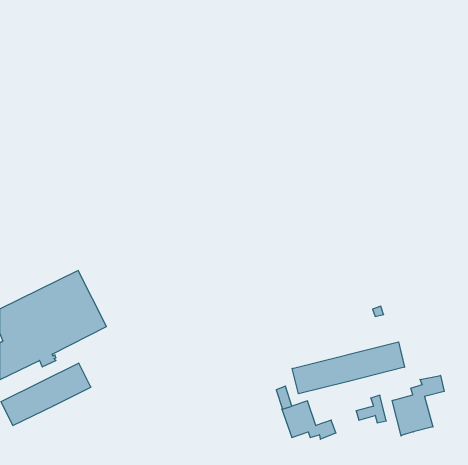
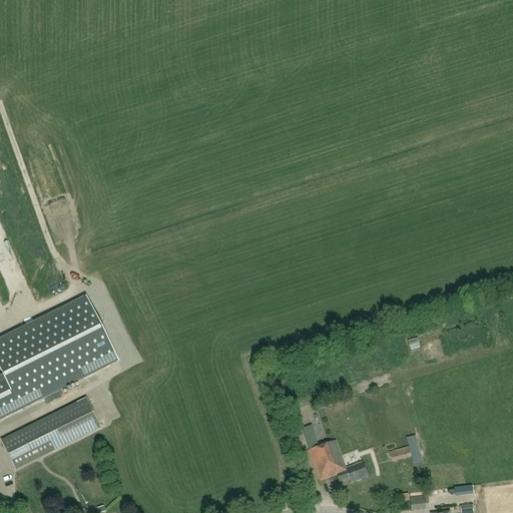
building: [292,342,405,394] -> none
building: [392,375,444,436] -> none

